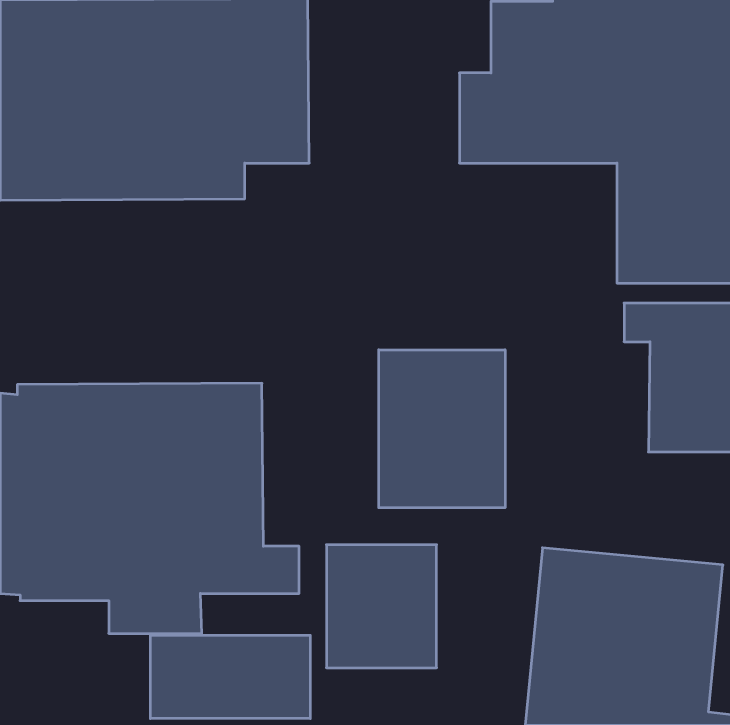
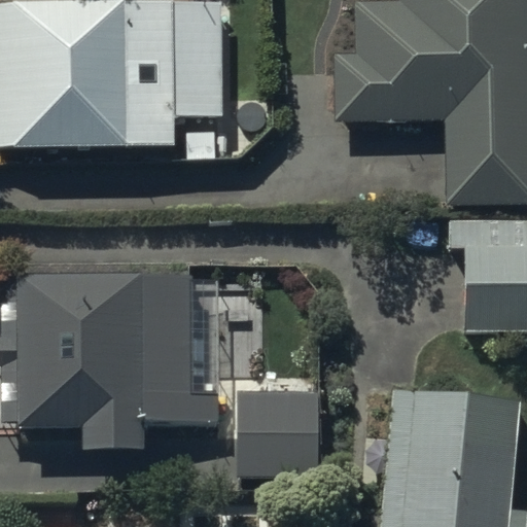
building: [379,350,505,508] -> none
building: [150,635,310,719] -> none

